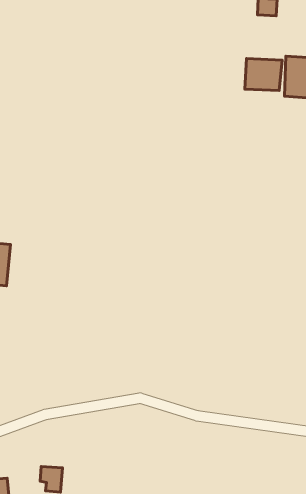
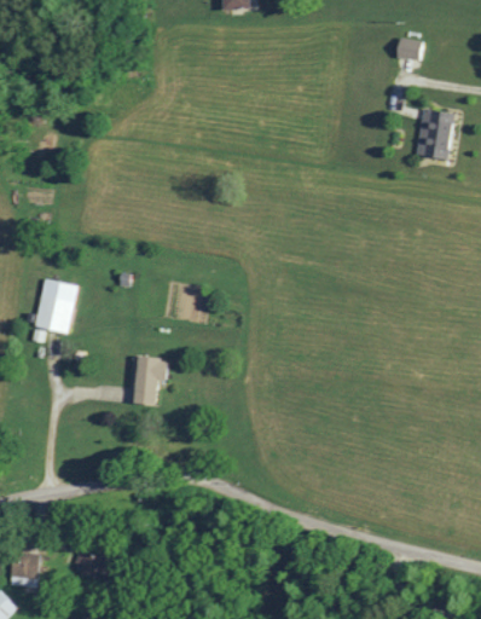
building: [245,58,282,91] -> none
building: none -> [128,355,168,404]

